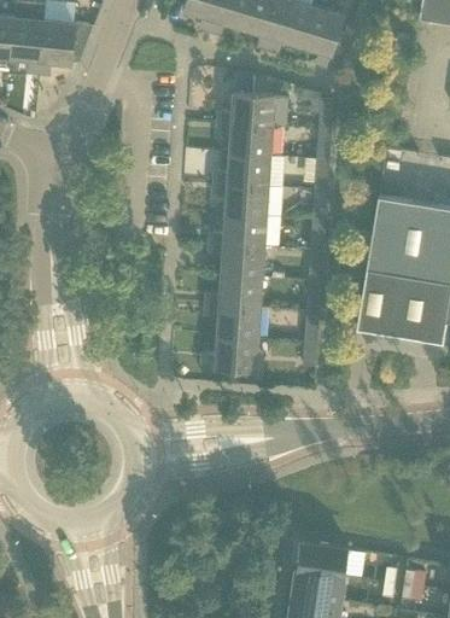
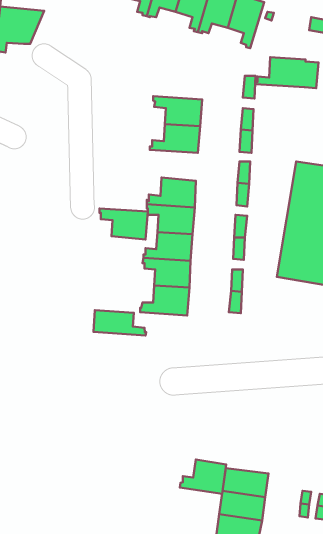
building: [217,92,288,127] -> [255,57,318,88]
building: [214,182,268,217] -> [100,208,148,239]
building: none -> [94,310,146,335]
building: none -> [180,460,226,494]

